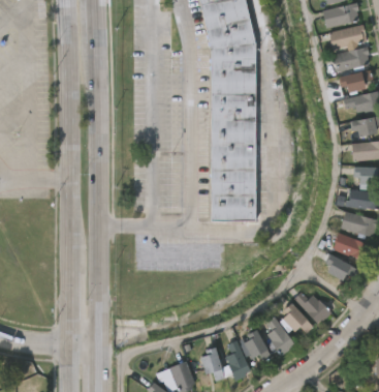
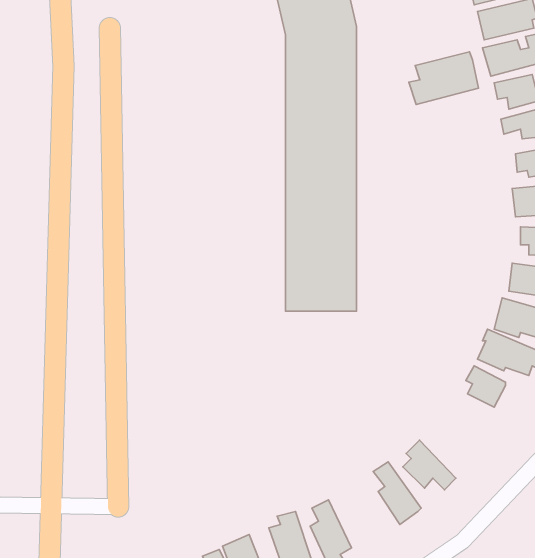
building: none -> [409,52,479,105]
building: [293,291,333,322] -> none
building: [243,327,273,361] -> none

